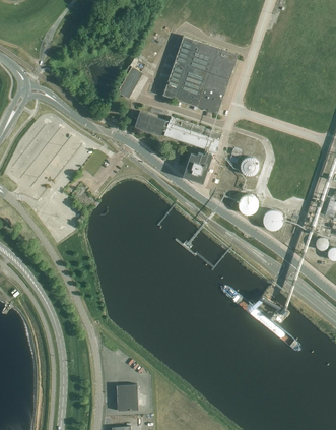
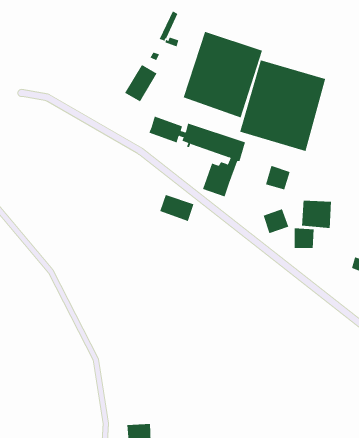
building: none -> [239,59,326,152]
building: none -> [159,194,194,222]
building: none -> [301,200,332,229]

